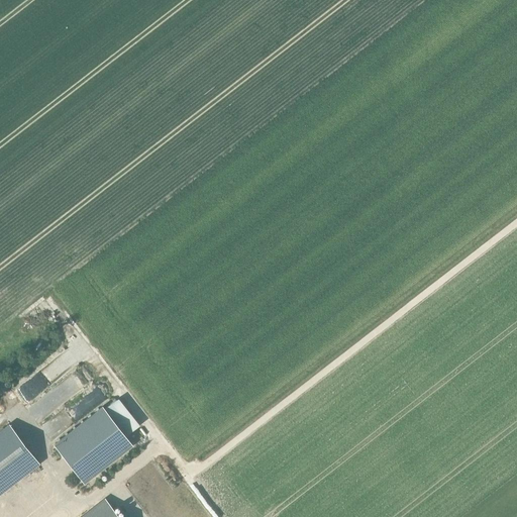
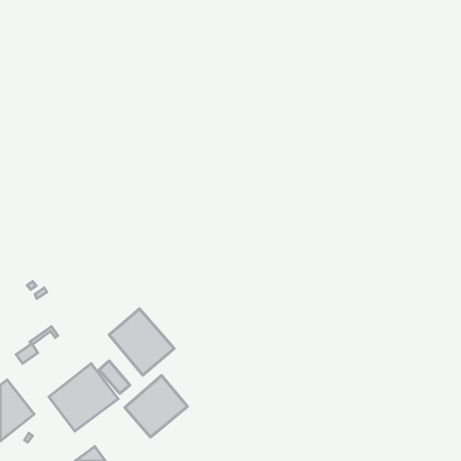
building: none -> [109,309,174,375]
building: none -> [125,376,188,437]

